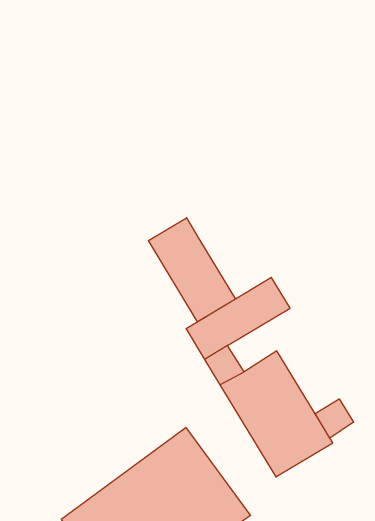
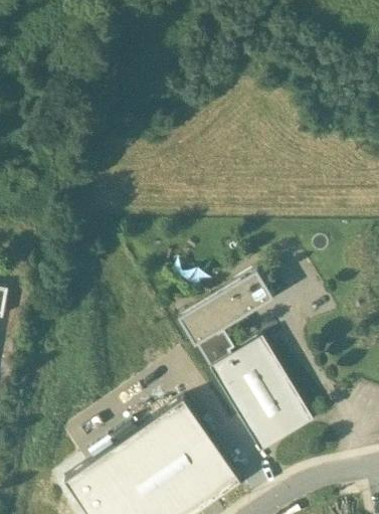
building: [149,218,236,322] -> none
building: [315,399,354,438] -> none

